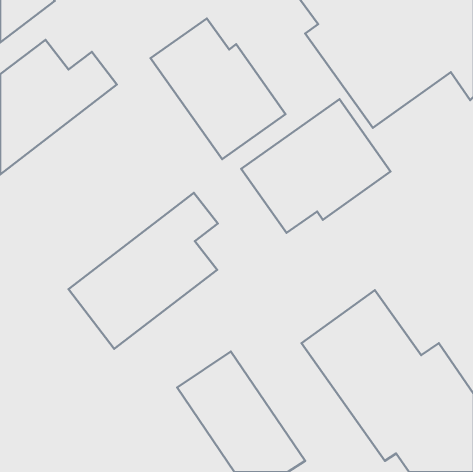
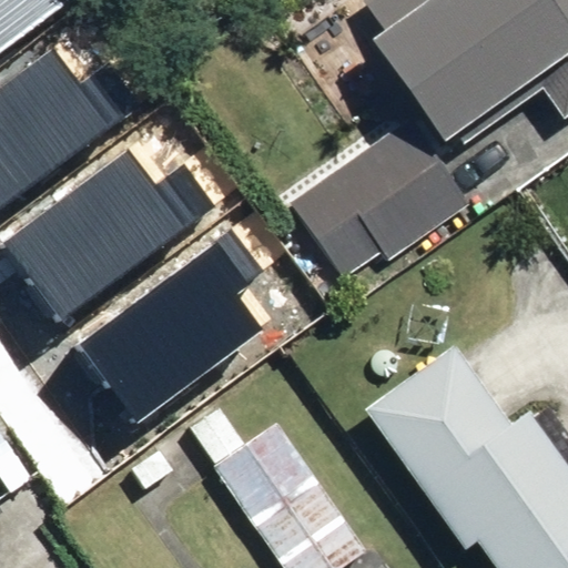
building: [150,18,285,159] -> none
building: none -> [8,151,213,318]

